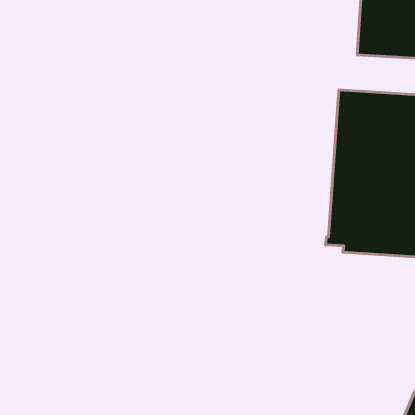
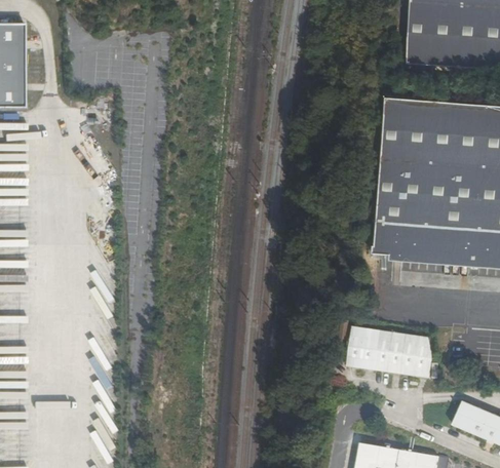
building: none -> [347,327,433,379]

